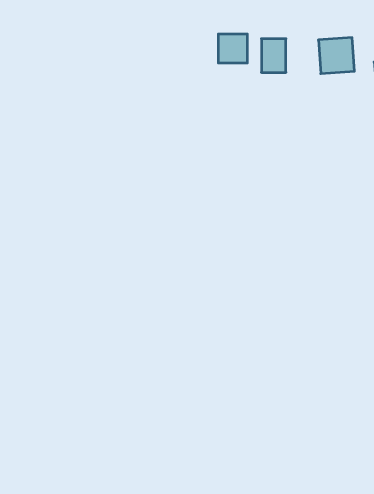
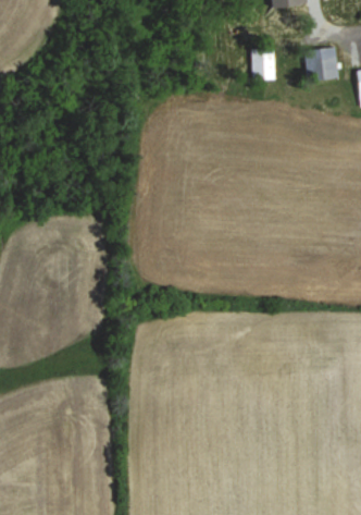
building: [218,34,247,63] -> none

